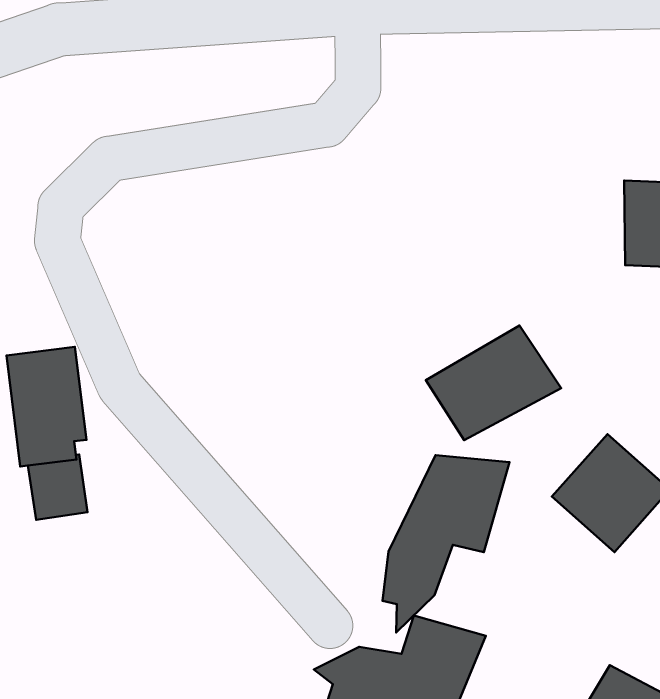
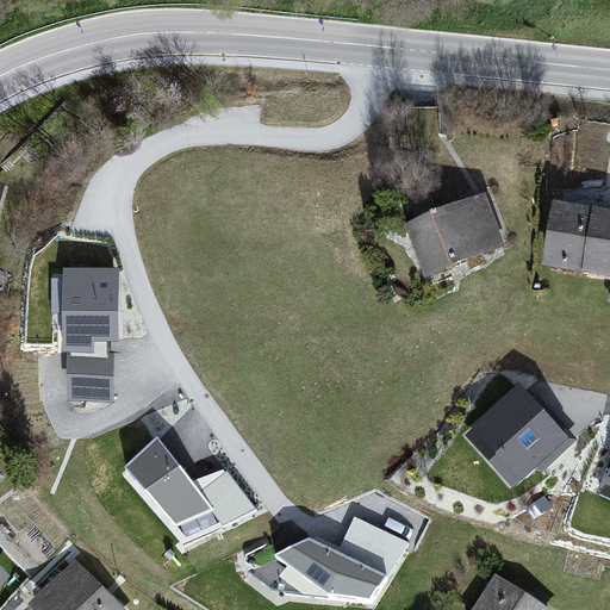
building: [426,325,561,440] -> [402,194,505,278]
building: [383,455,509,633] -> none
building: none -> [118,432,251,537]

